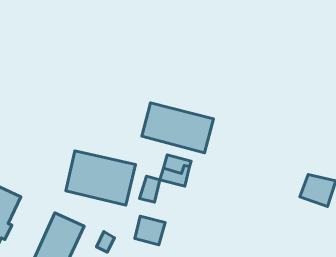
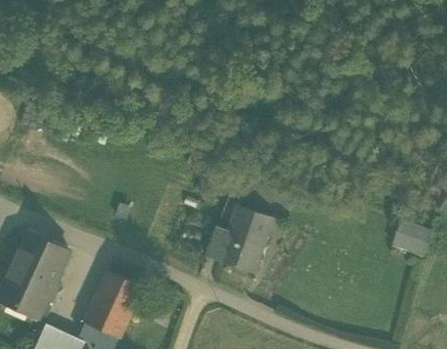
building: [142,103,214,153] -> none
building: [66,151,136,205] -> none
building: [135,216,165,245] -> [224,231,259,264]

